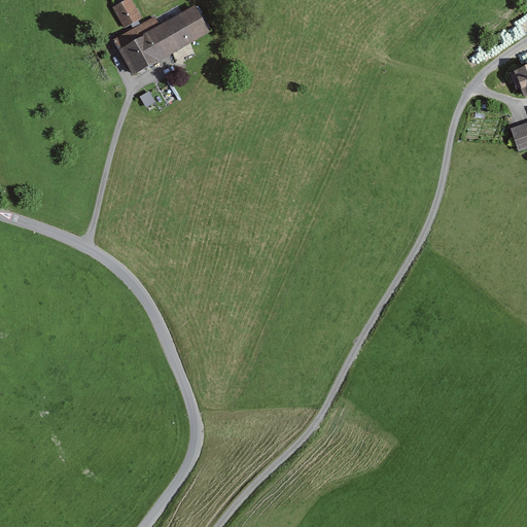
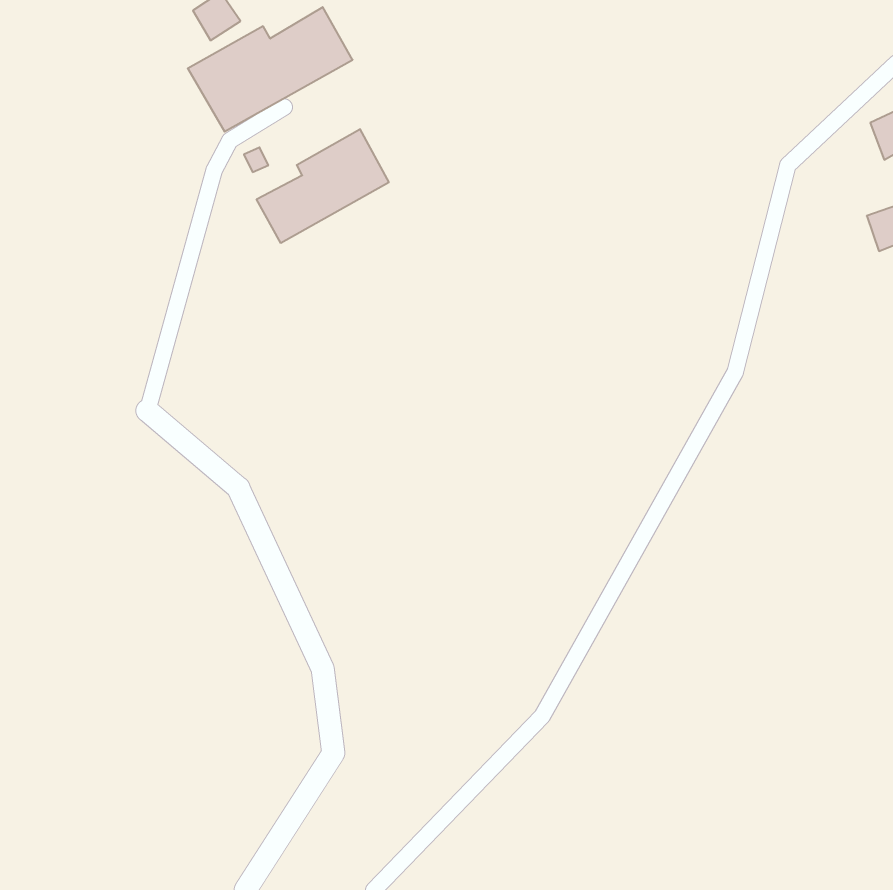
building: none -> [257,129,389,243]

